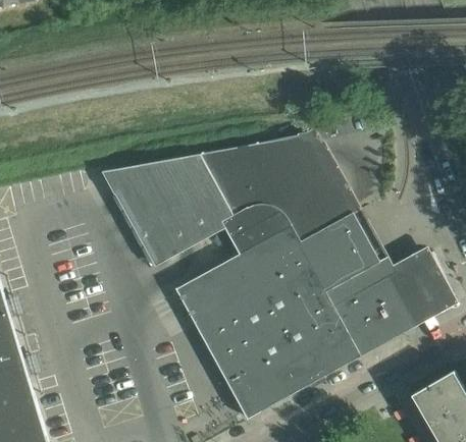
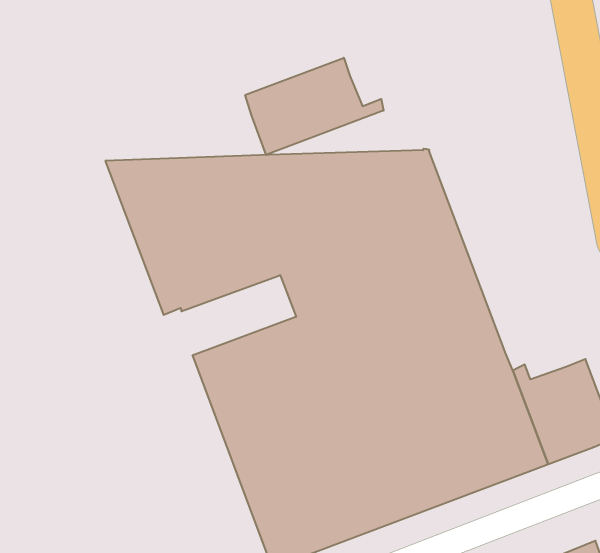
building: none -> [245,58,384,155]

